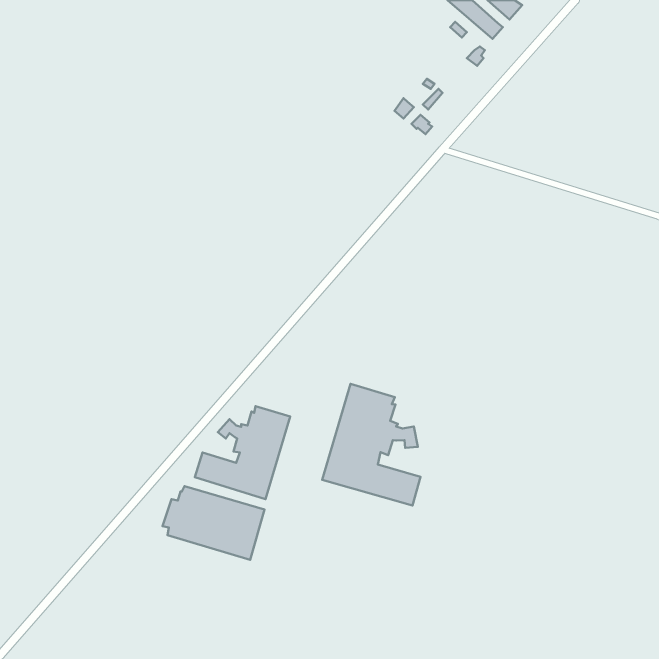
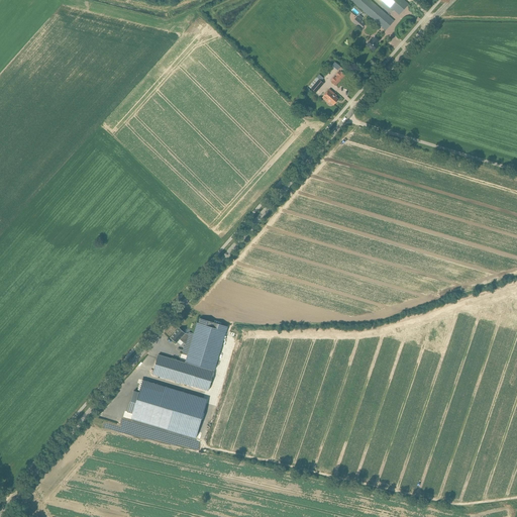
building: [322,384,421,506] -> none

